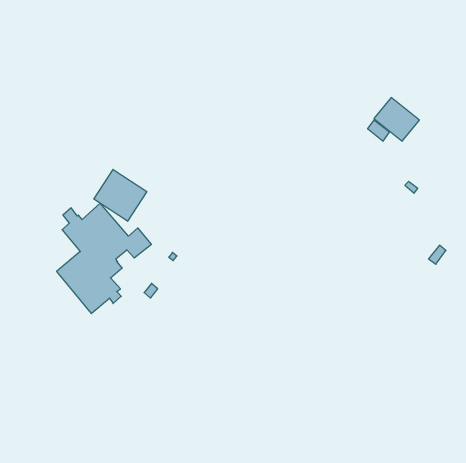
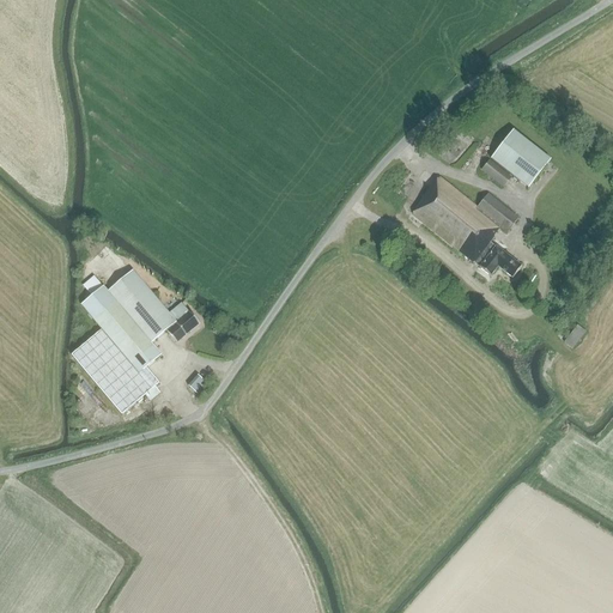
building: none -> [413,175,522,275]
building: [94,169,147,221] -> none

